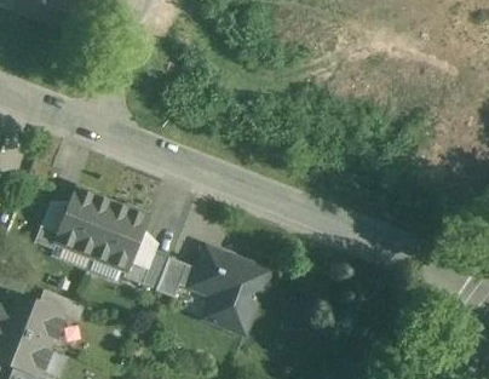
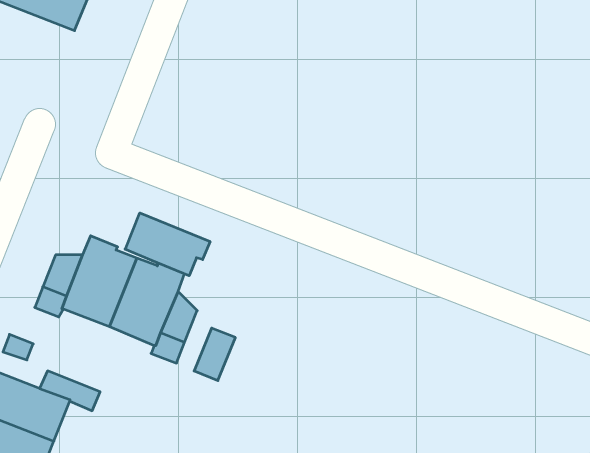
building: none -> [125,213,210,276]
building: [191,247,266,332] -> none

